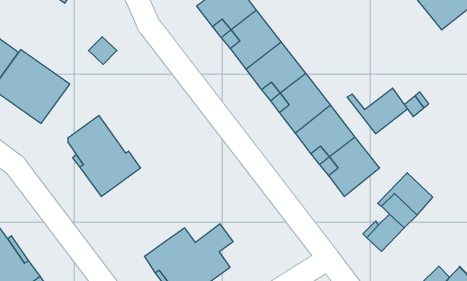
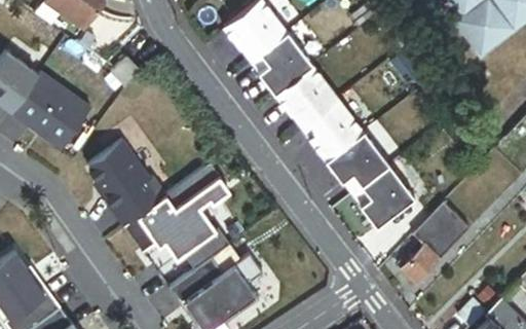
building: [347,88,407,134] -> none
building: none -> [123,163,229,269]

